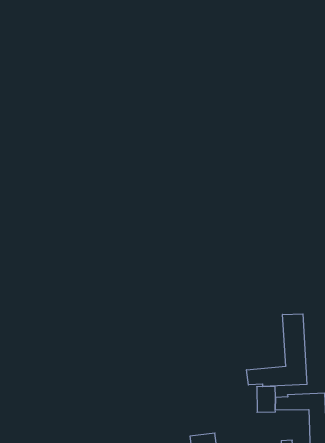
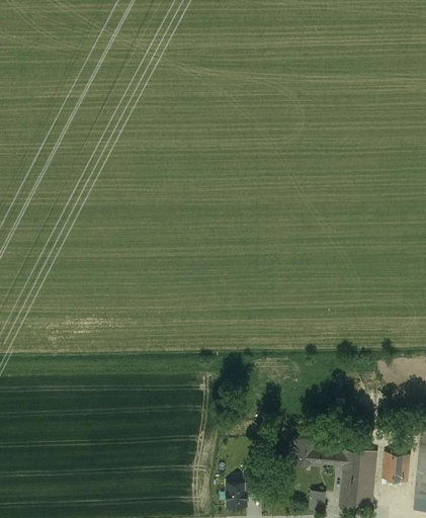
building: [247,314,307,387] -> none

